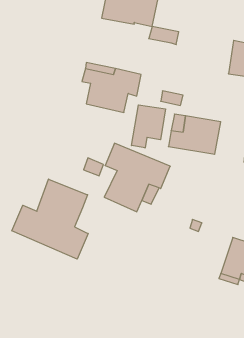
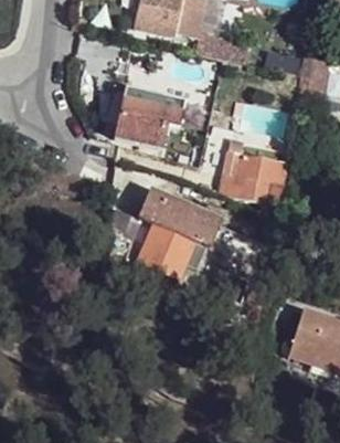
building: [132,105,165,148] -> none
building: [12,179,88,259] -> none

